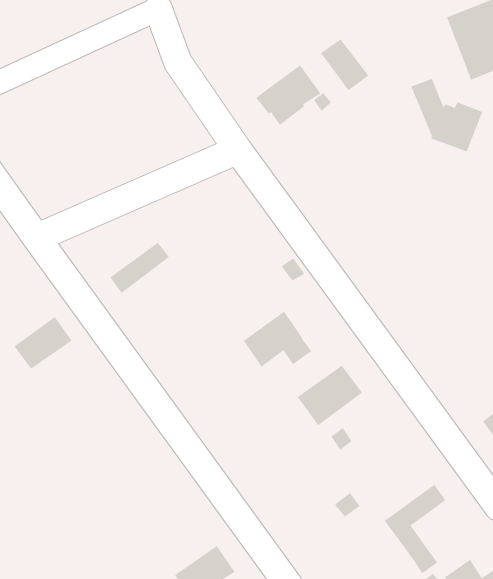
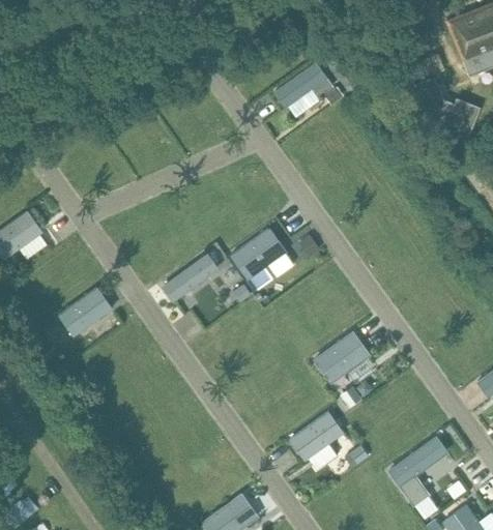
building: [320,38,369,91] -> none
building: [110,242,170,294] -> [164,254,218,300]
building: [243,311,312,368] -> [232,229,294,279]
building: none -> [291,412,345,469]

